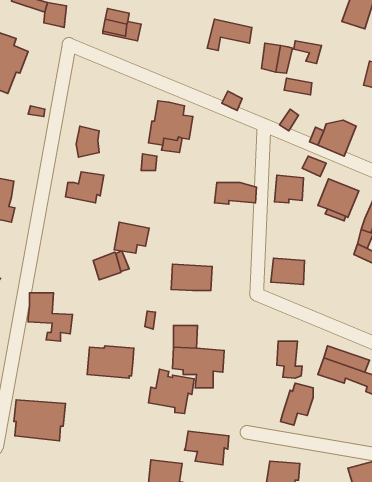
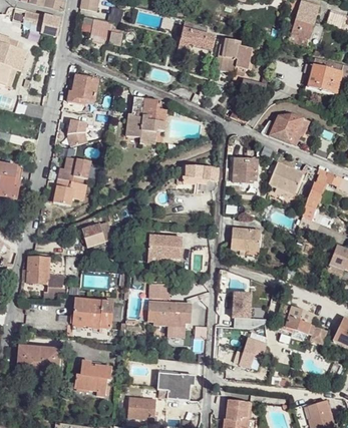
building: none -> [67,75,99,103]
building: [114,222,149,253] -> [55,177,84,203]
building: [149,369,194,414] -> [73,360,111,397]

